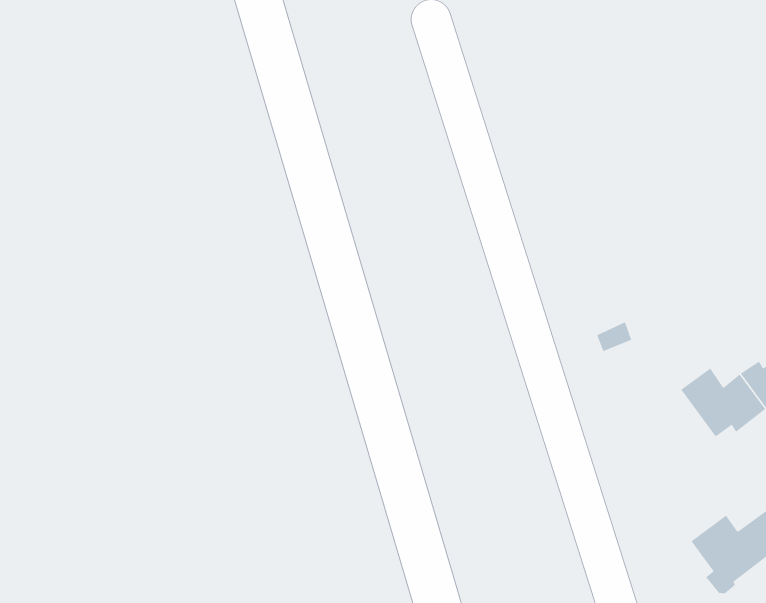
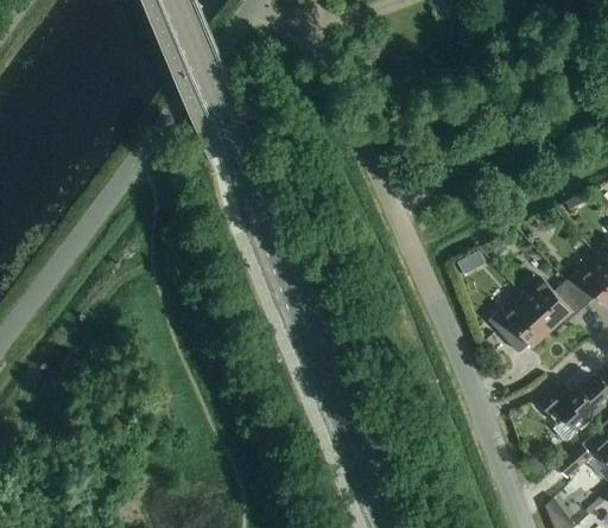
building: none -> [489,295,552,351]

